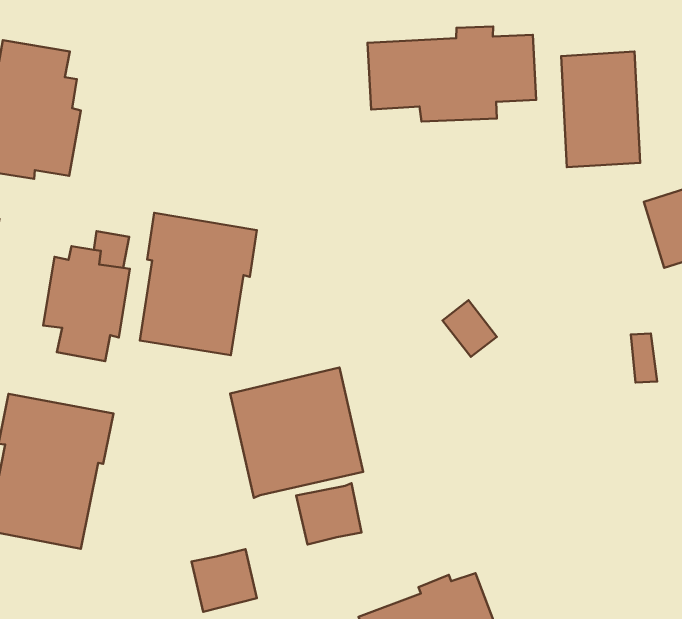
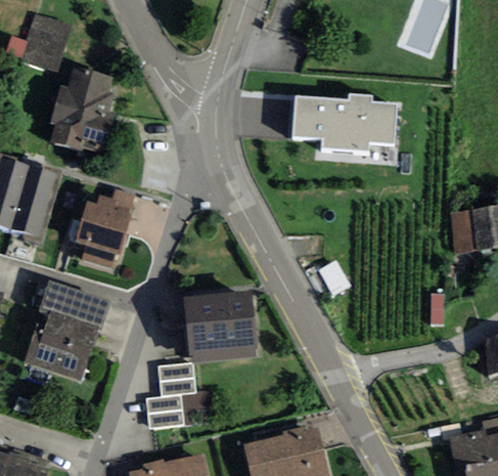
building: [561,52,640,167] -> none
building: [140,213,257,355] -> none
building: [296,483,361,544] -> [159,362,195,396]

